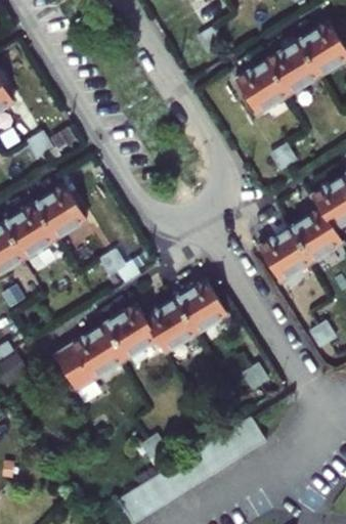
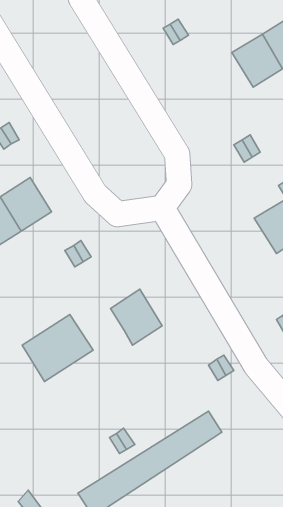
building: [234,58,289,114] -> none
building: [258,225,312,281] -> none
building: [174,278,227,334] -> none
building: [103,303,159,358] -> none

